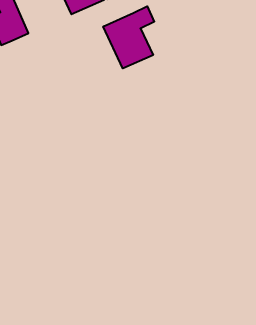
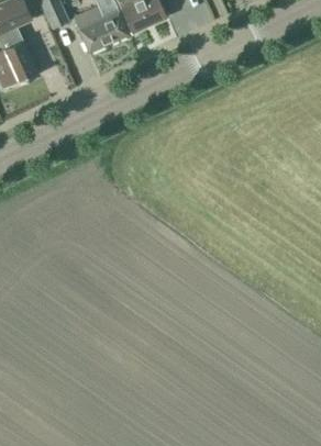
building: [103,6,154,68] -> none

